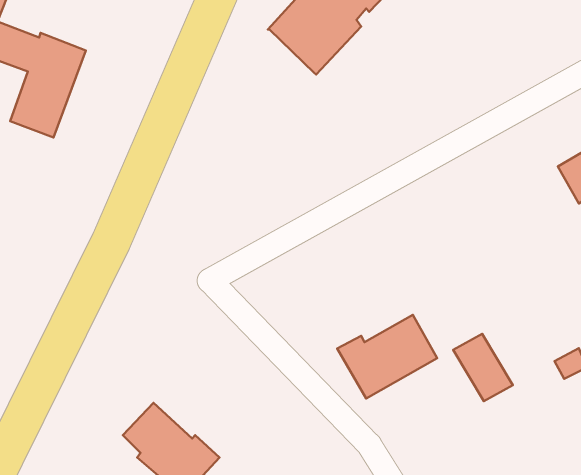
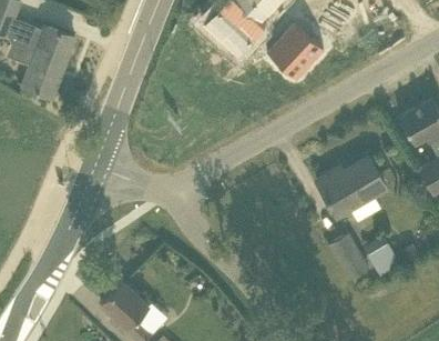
building: none -> [266,22,324,80]
building: [337,315,437,398] -> [317,159,386,217]
building: none -> [364,239,400,278]

